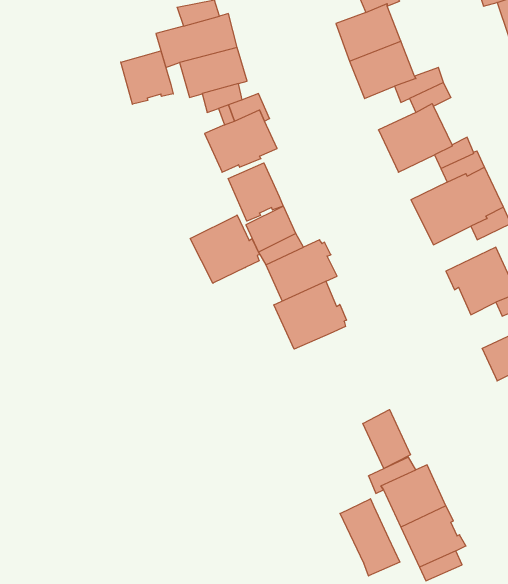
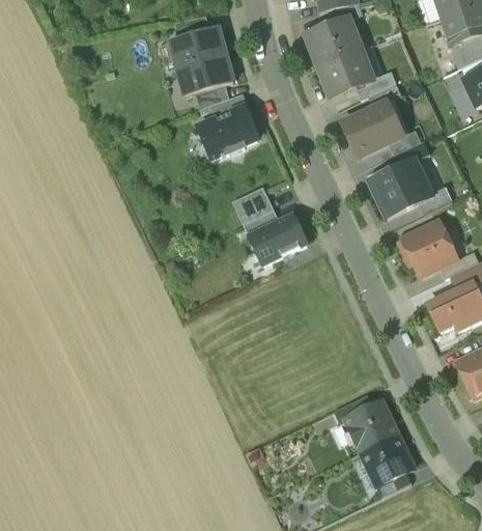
building: [121,51,173,104] -> none
building: [228,163,283,221] -> none
building: [190,215,259,283] -> none
building: [274,281,346,349] -> none
building: [363,410,411,469] -> none
building: [340,499,400,576] -> none

